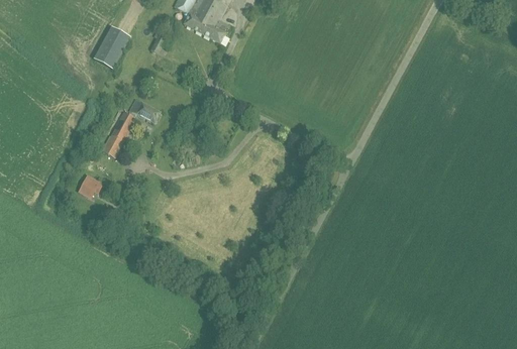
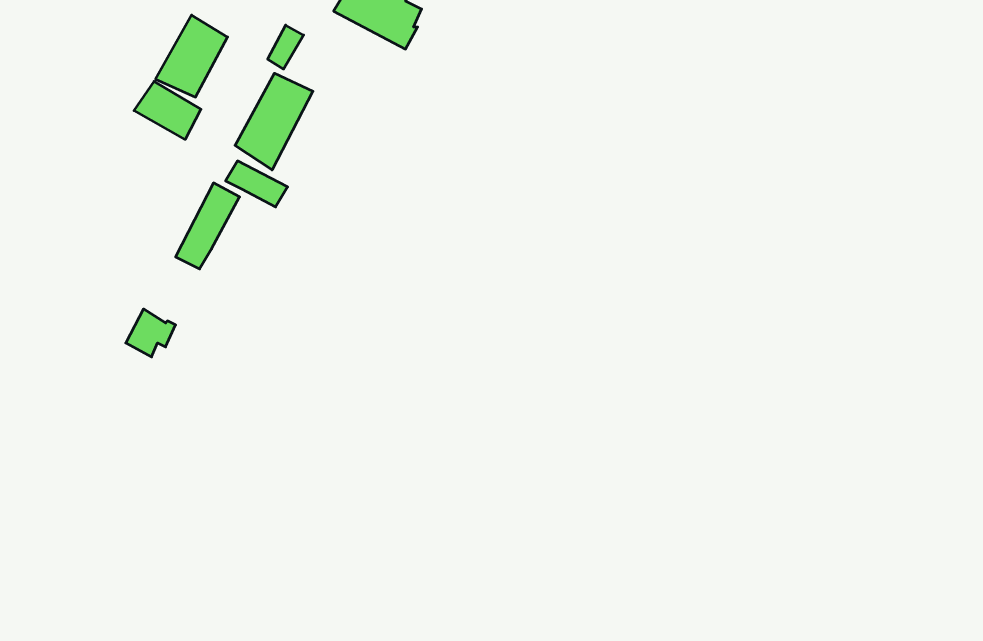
building: none -> [235,73,313,170]
building: none -> [134,81,201,139]

